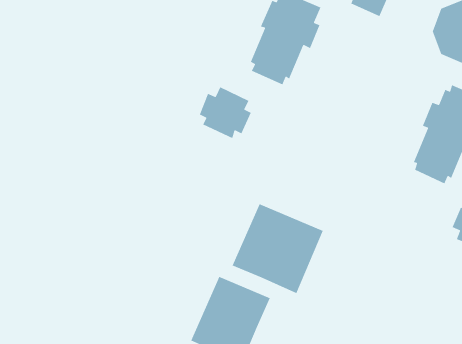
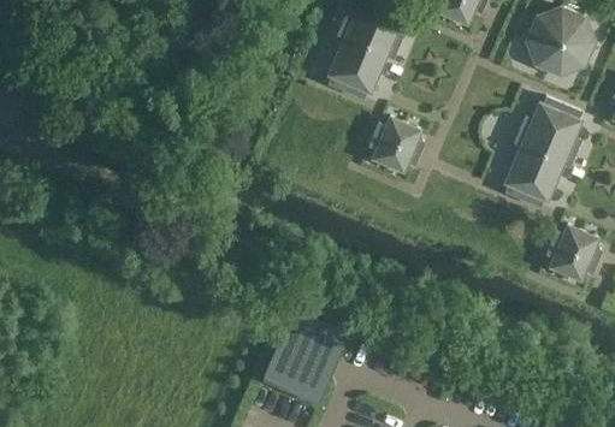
building: [199,86,252,139] -> [366,114,424,172]
building: [232,203,324,294] -> none

